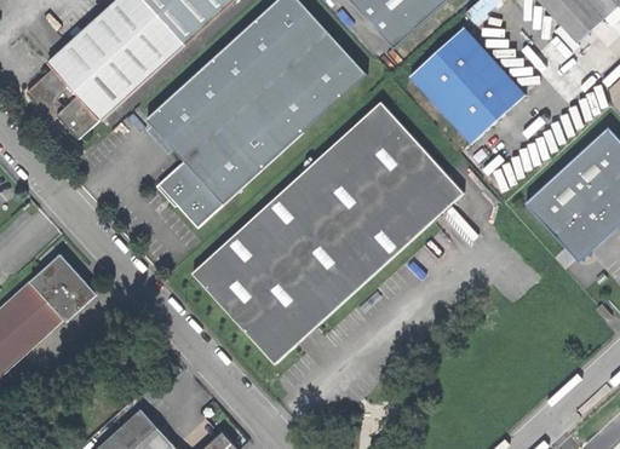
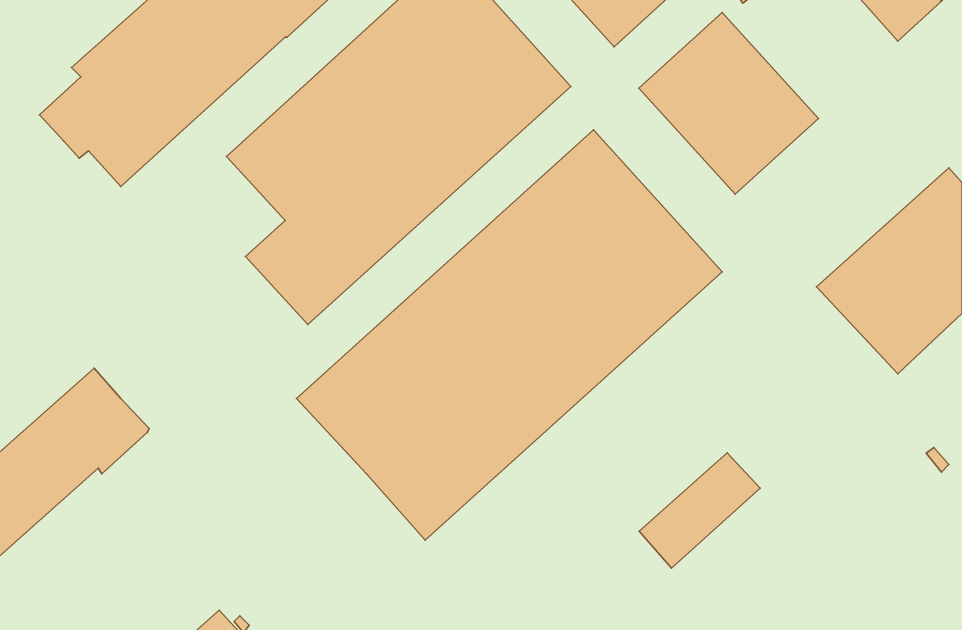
building: none -> [639,453,760,568]

